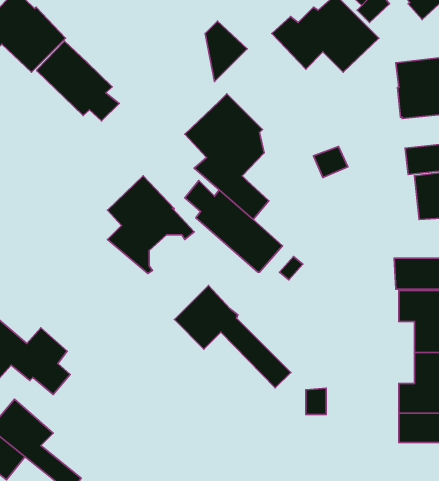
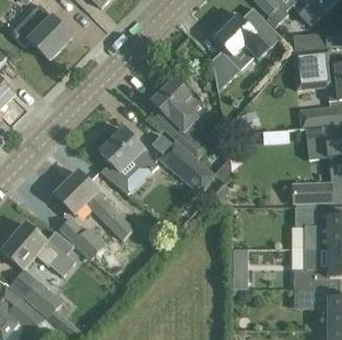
building: [205,21,247,81] -> [211,50,239,90]
building: [37,41,119,121] -> none
building: [174,286,291,388] -> [55,170,133,238]
building: none -> [60,217,106,257]

